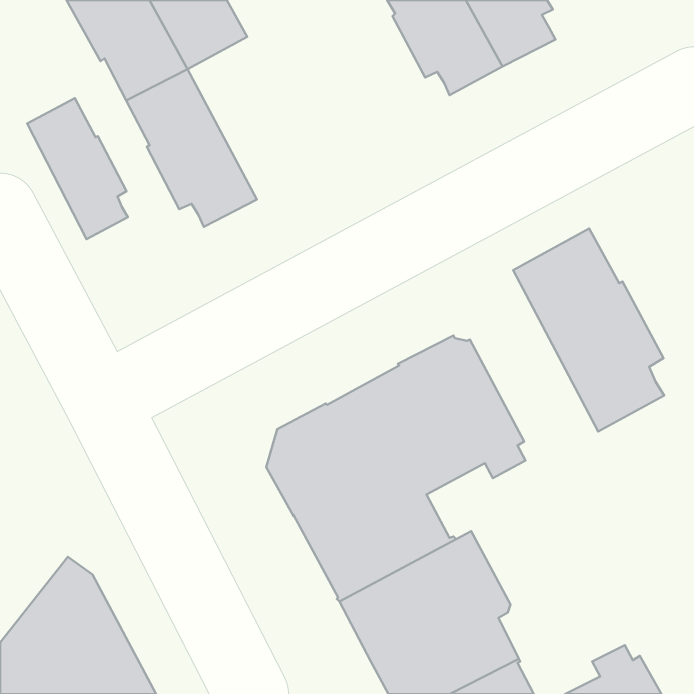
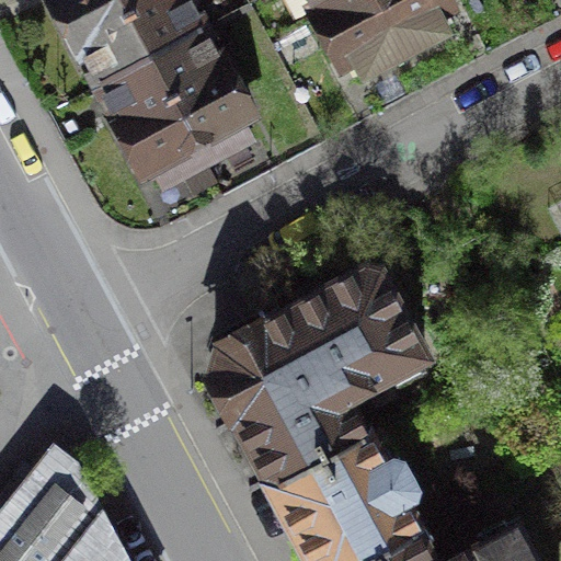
building: none -> [151,30,249,161]
building: [27,98,128,239] -> none
building: [513,229,664,431] -> none

